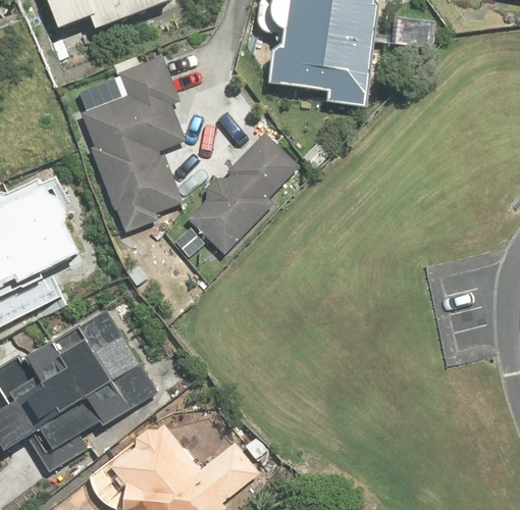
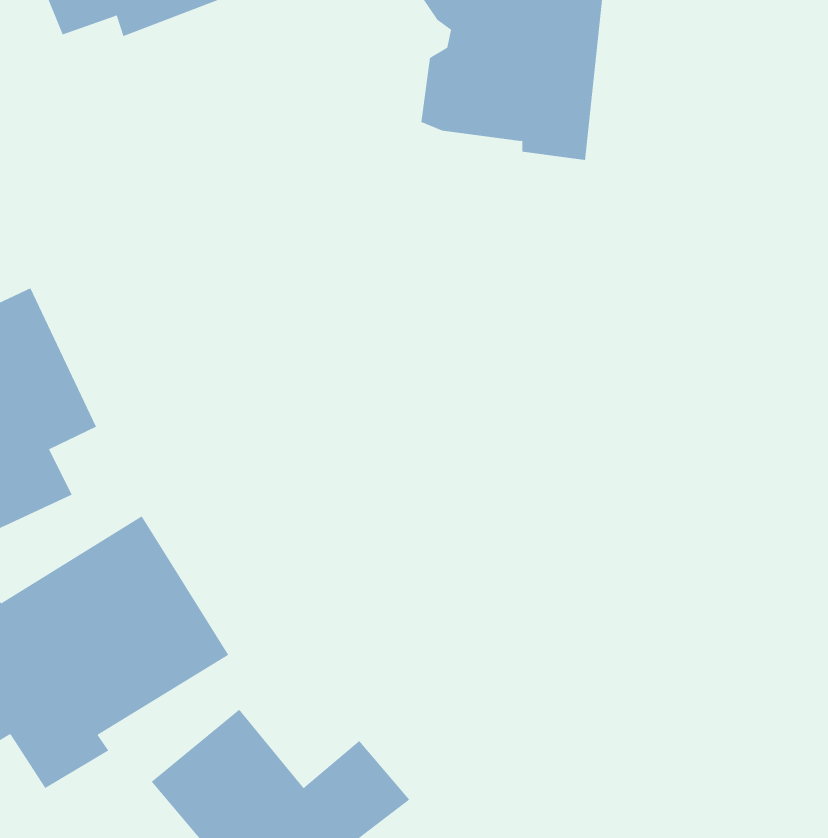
building: [81,54,184,232] -> none
building: [185,133,301,253] -> none

